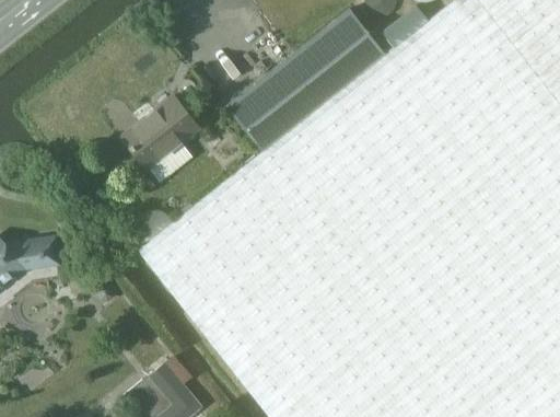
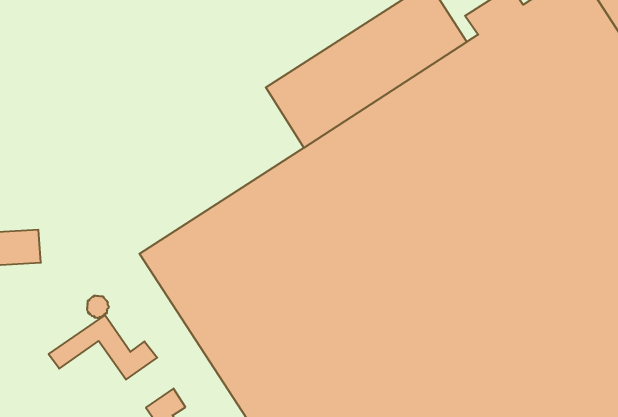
building: [121,101,198,169] -> none
building: none -> [49,315,157,380]

